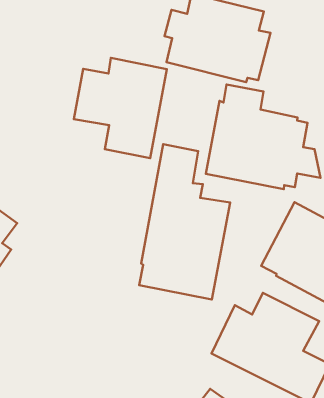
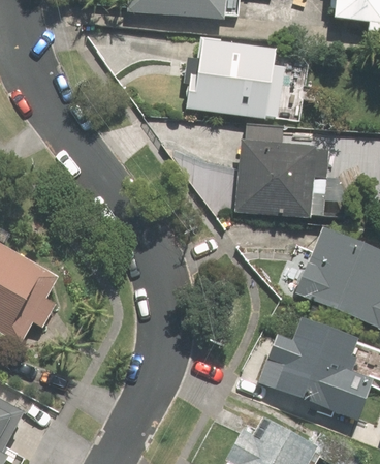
building: [74,58,167,158] -> none
building: [139,144,230,299] -> none

